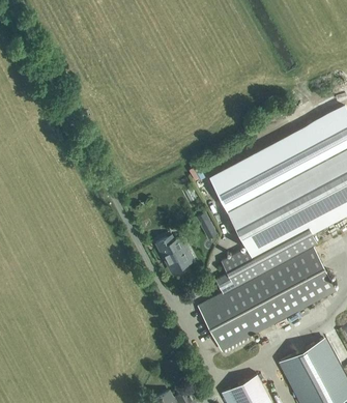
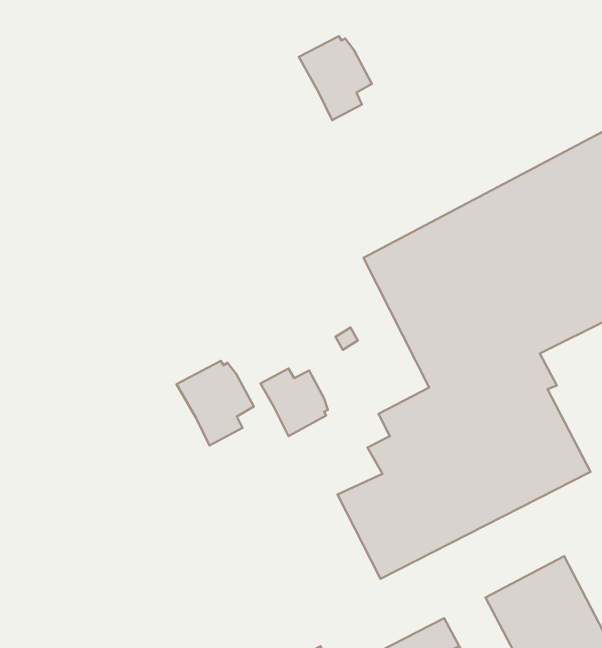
building: none -> [299,36,372,120]
building: none -> [177,361,254,446]

